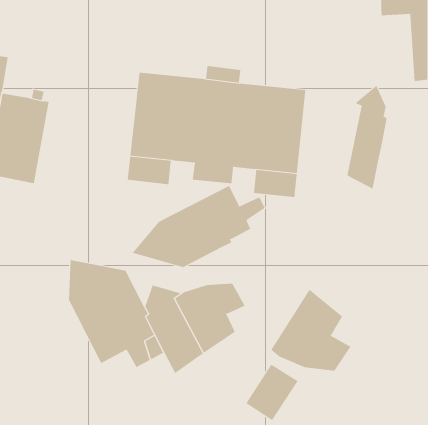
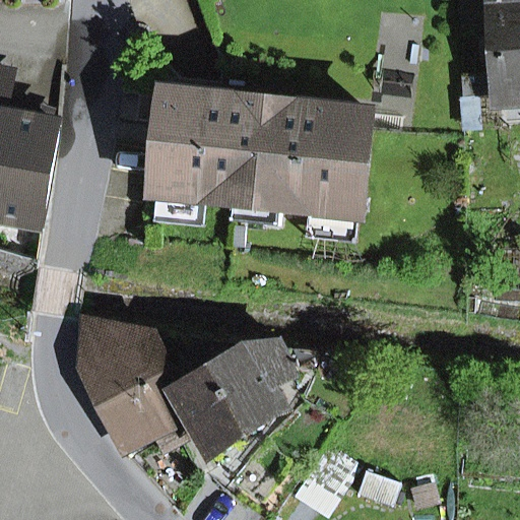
building: [347,85,387,189] -> none
building: [132,185,265,268] -> none
building: [270,289,351,371] -> none

